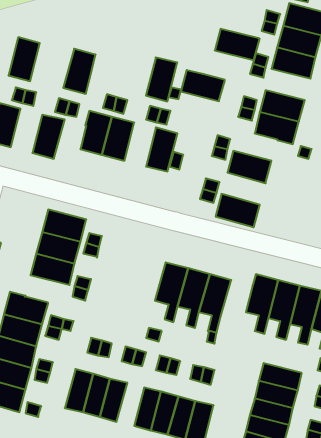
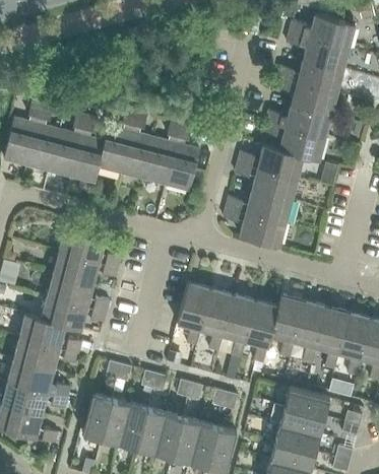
building: [215,29,260,60] -> [291,82,337,115]
building: [8,37,40,81] -> [26,124,59,170]
building: [63,49,96,94] -> [71,135,105,182]
building: [146,57,177,101] -> [144,138,177,184]
building: [181,70,225,101] -> [257,145,303,178]
building: none -> [245,190,291,223]
building: none -> [41,296,87,330]
building: none -> [244,301,277,362]
building: none -> [136,408,165,453]

